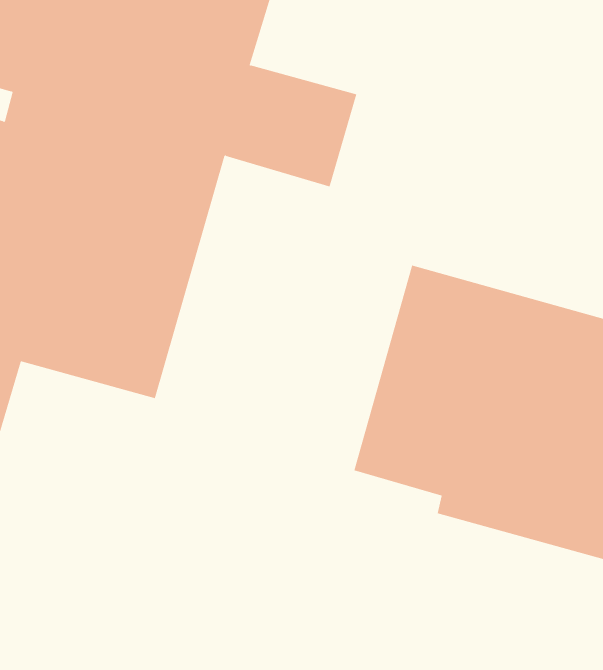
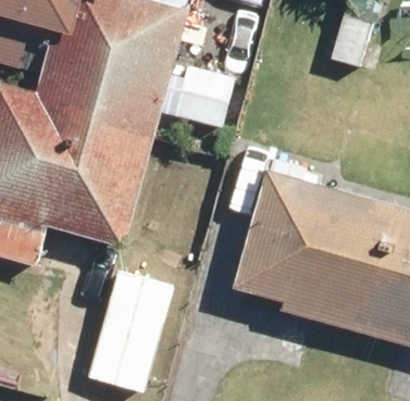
building: none -> [88,270,174,391]

